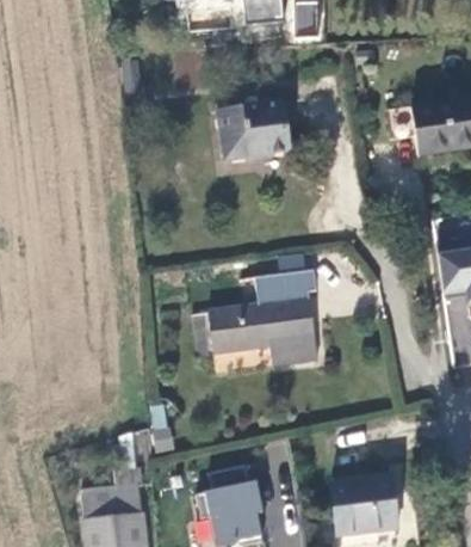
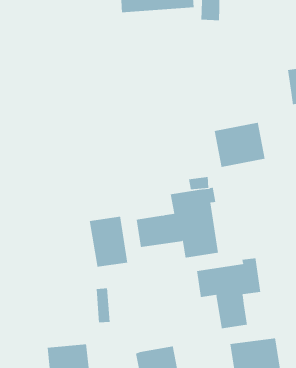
building: [217,100,287,162] -> [214,122,265,168]
building: none -> [89,216,128,268]
building: none -> [196,257,261,329]

